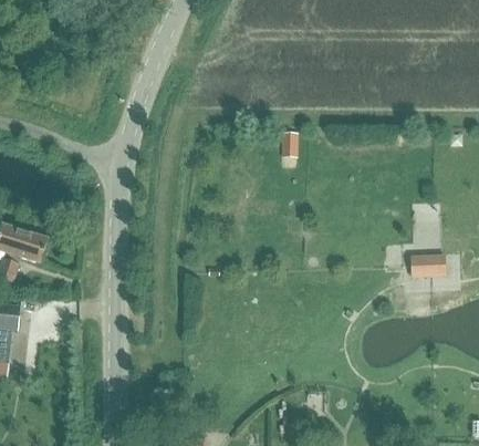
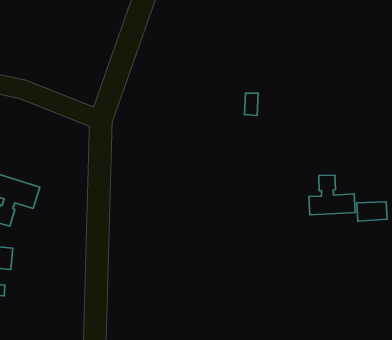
building: none -> [309,175,355,215]

